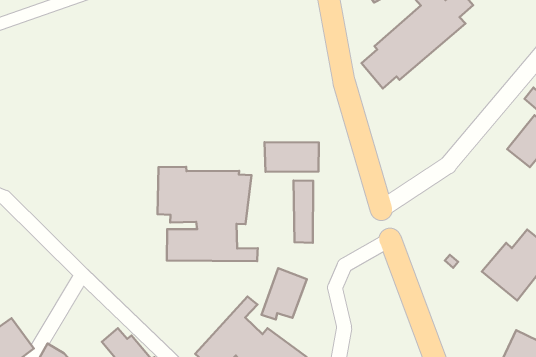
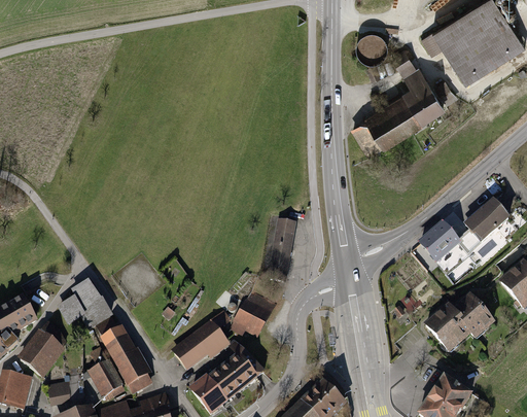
building: [265,142,319,172] -> none
building: none -> [417,219,462,264]
building: [158,167,258,261] -> none
building: none -> [56,282,110,332]

